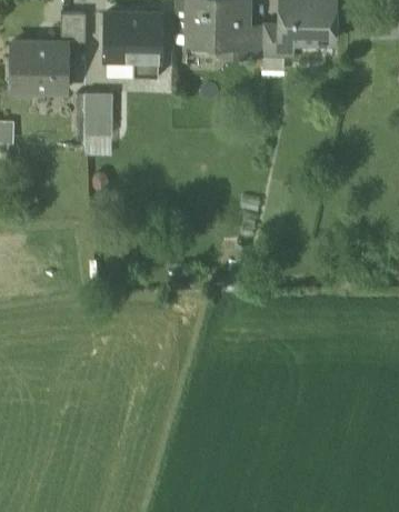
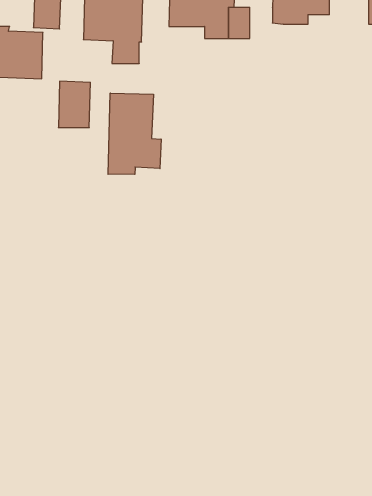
building: [261,24,292,58] -> none
building: none -> [108,93,161,174]

